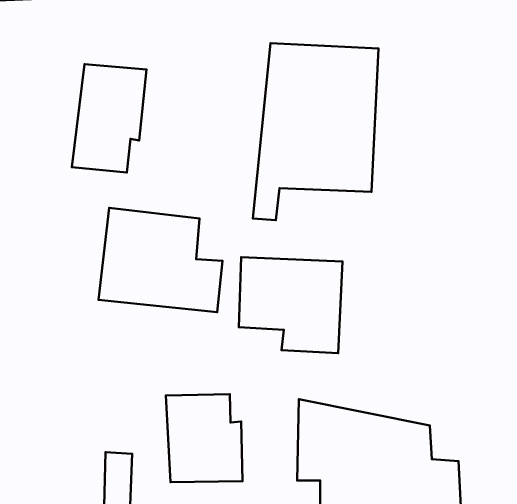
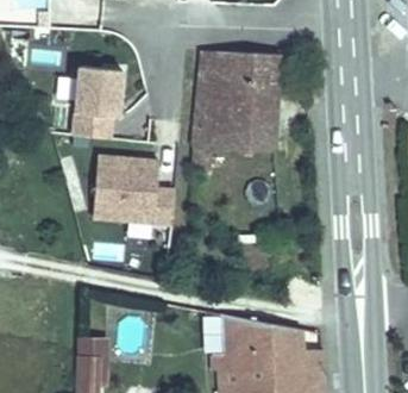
building: [239,257,343,353] -> none
building: [166,394,243,482] -> none

